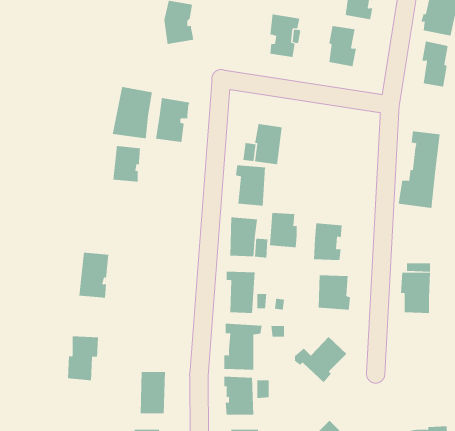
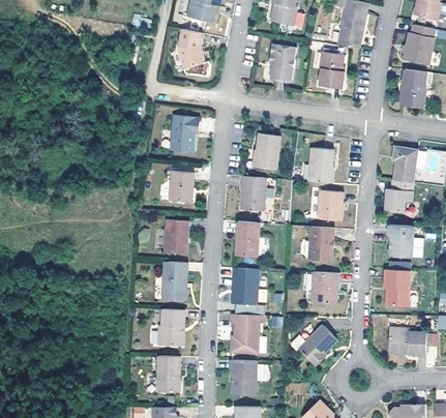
building: [112,86,152,139] -> none
building: none -> [308,149,334,184]
building: [112,146,141,182] -> [167,172,191,204]
building: [269,213,298,248] -> [317,190,341,221]
building: none -> [163,220,187,255]
building: none -> [390,225,417,259]
building: [79,252,109,298] -> [158,263,185,303]
building: [67,336,99,381] -> [155,309,183,349]
building: none -> [388,327,426,354]

